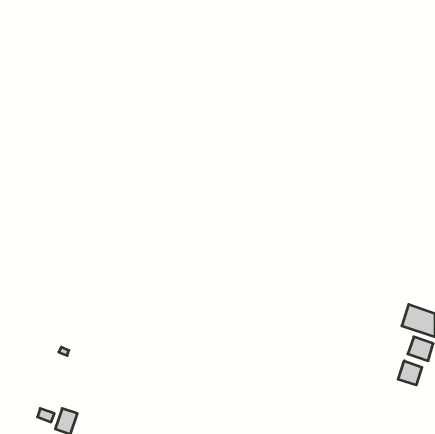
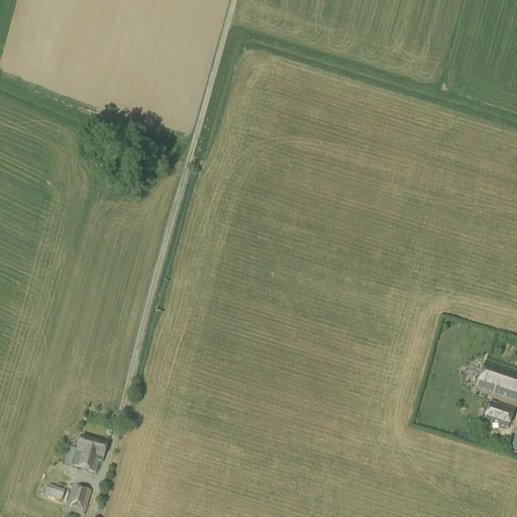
building: [398,361,422,385] -> none
building: none -> [66,435,107,472]

